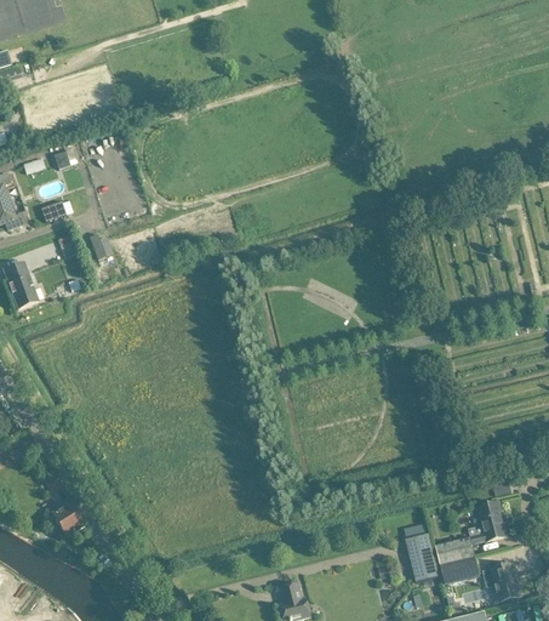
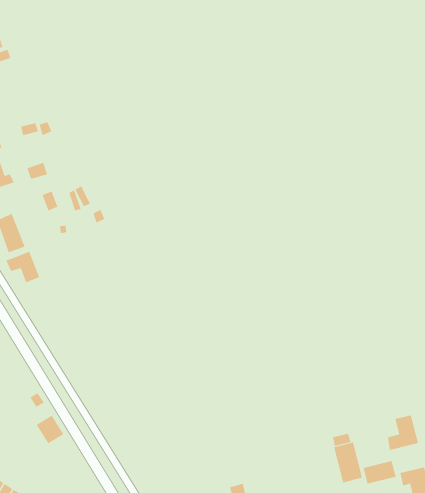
building: none -> [5,251,40,283]
building: [435,536,475,564] -> none

